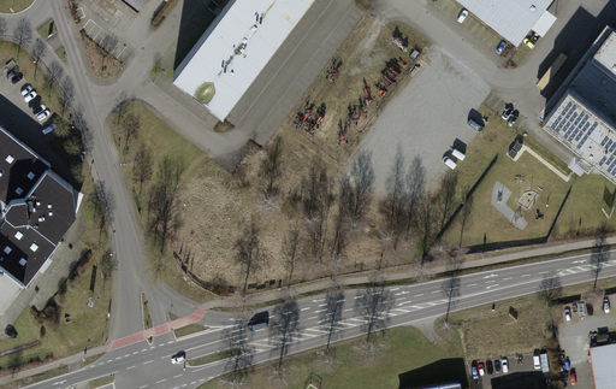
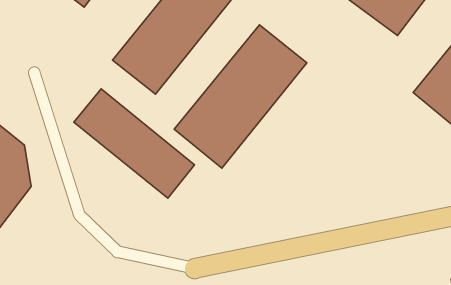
building: none -> [174,25,307,168]
building: none -> [74,89,195,198]

